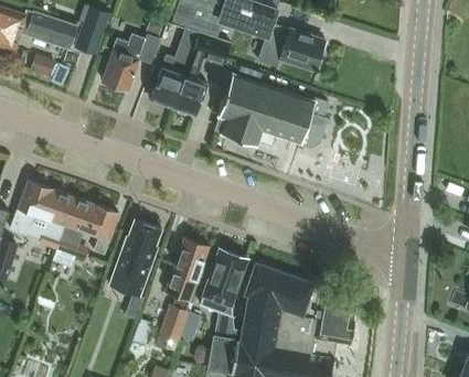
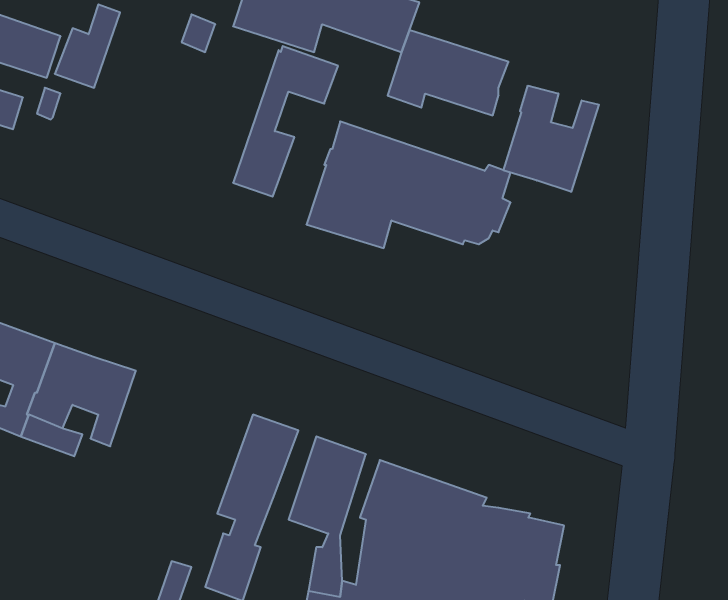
building: [150,28,201,109] -> none
building: [103,34,161,91] -> none
building: none -> [504,86,599,192]
building: [110,220,162,297] -> none

